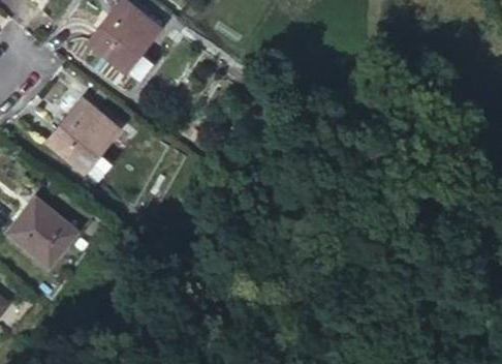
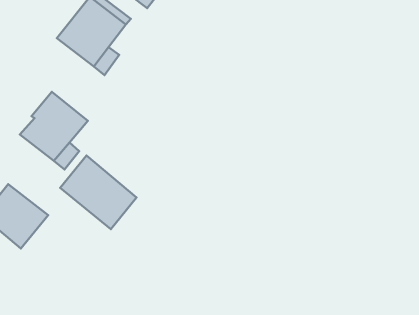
building: none -> [60,155,137,229]

